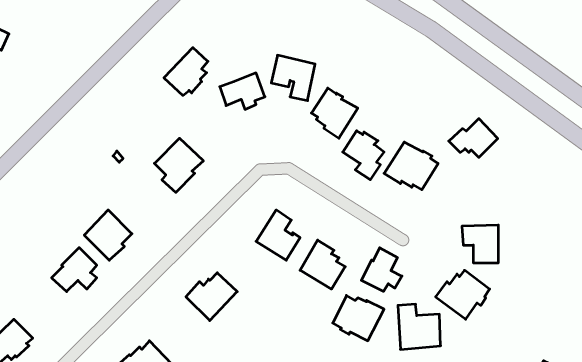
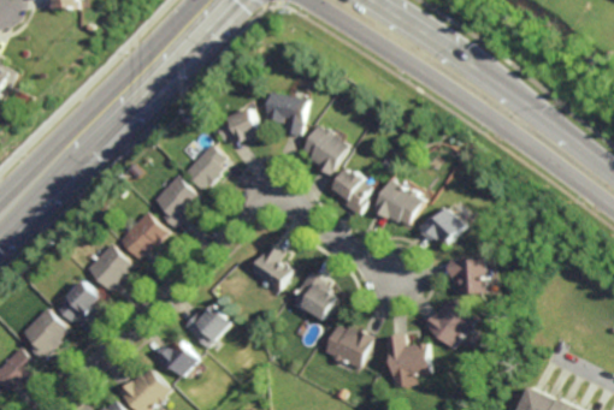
building: [164,48,208,95] -> [183,143,225,189]
building: [449,119,498,157] -> [418,206,465,243]
building: none -> [124,212,166,251]
building: [361,248,402,291] -> none
building: none -> [20,308,66,361]
building: none -> [152,340,197,376]

